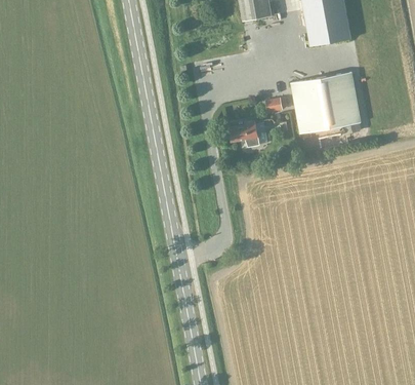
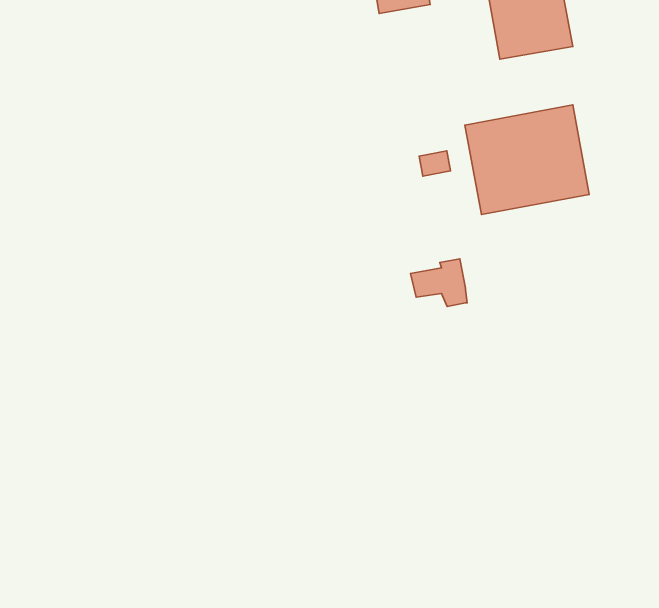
building: [227,120,259,147] -> [411,259,467,306]

